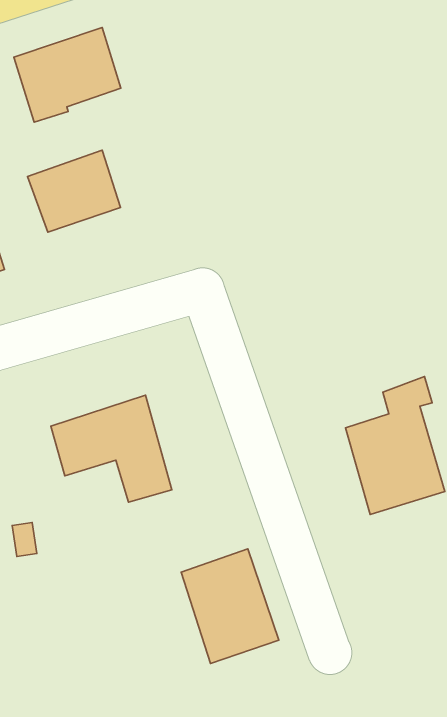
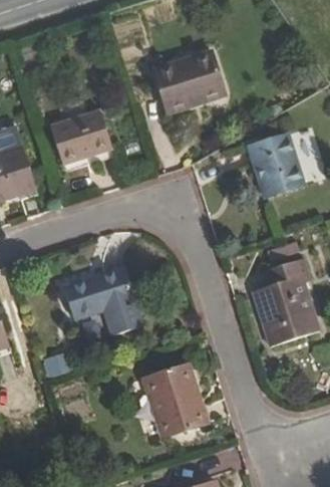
building: [14,28,121,122] -> [153,50,223,111]
building: none -> [250,135,305,199]

